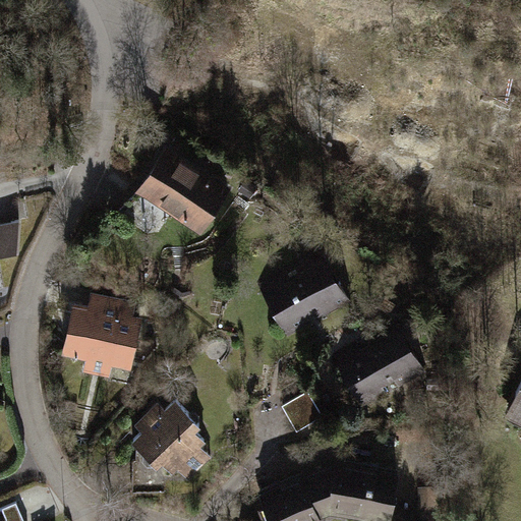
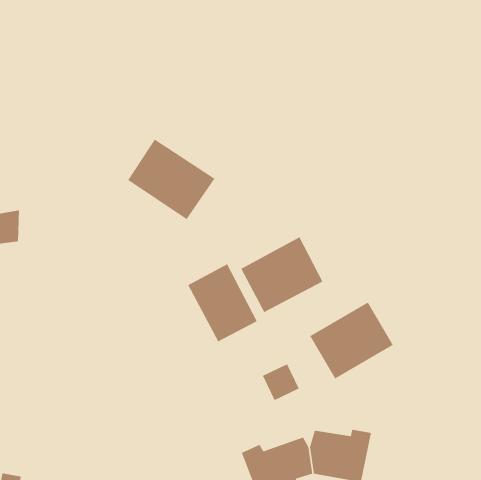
building: none -> [187,263,258,343]
building: [59,296,137,384] -> none
building: [140,398,221,482] -> none

